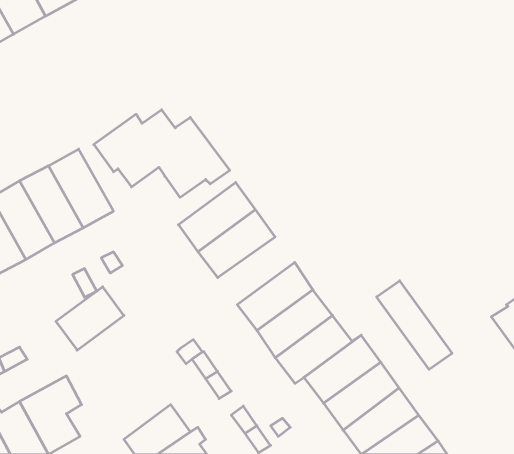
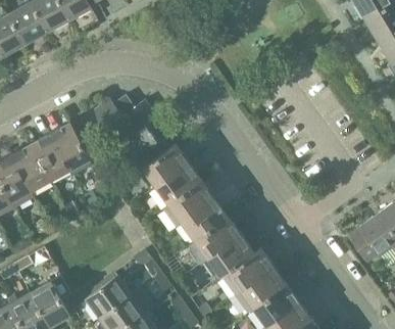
building: none -> [162,181,214,227]
building: [377,281,452,369] -> none
building: [56,287,124,350] -> [85,275,131,318]

